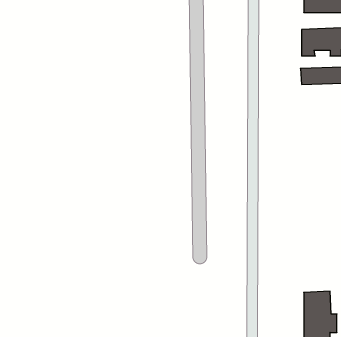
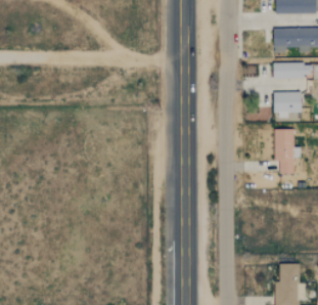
building: none -> [274,91,302,118]
building: none -> [274,129,300,173]

